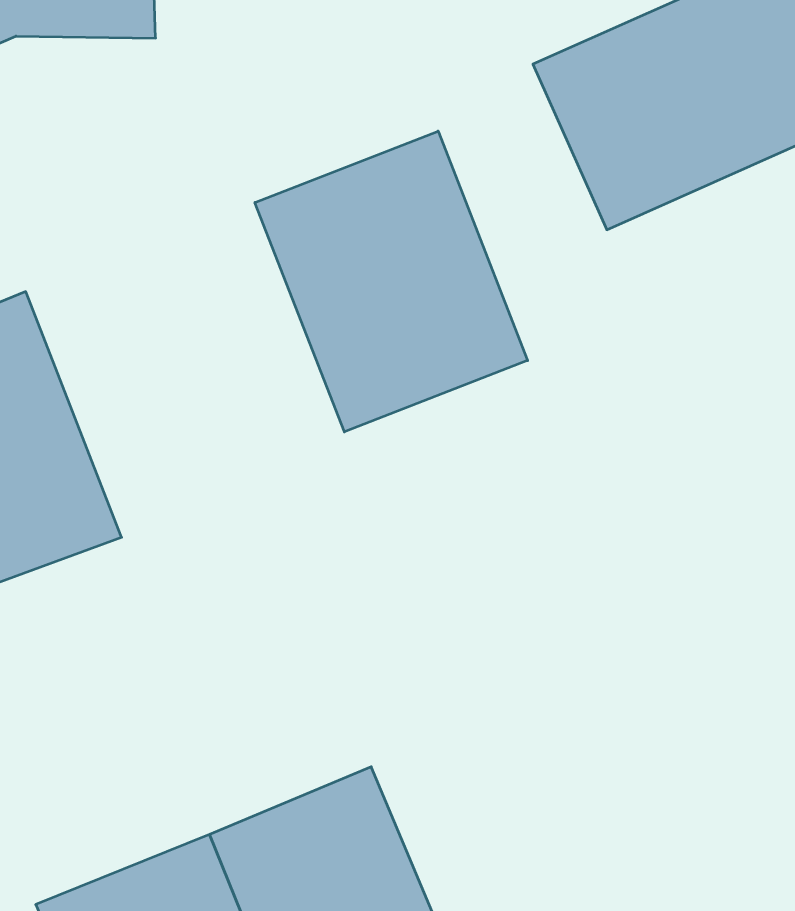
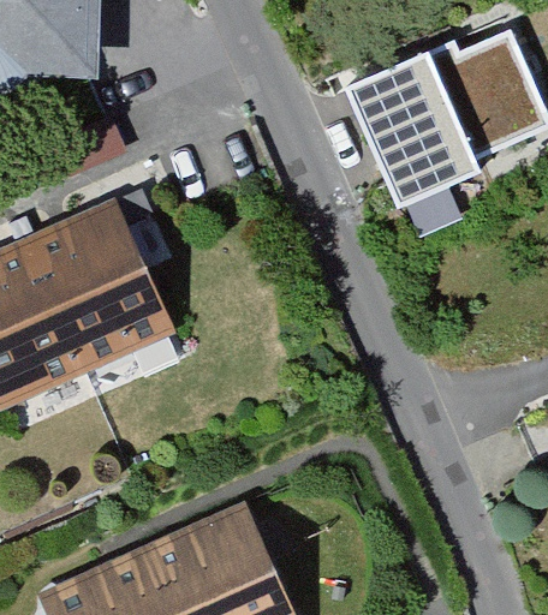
building: [255,131,528,432] -> none
building: none -> [34,201,179,378]

